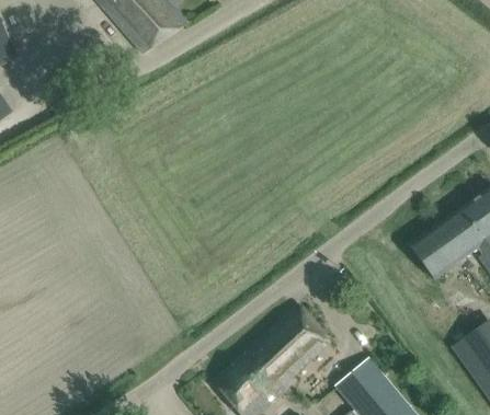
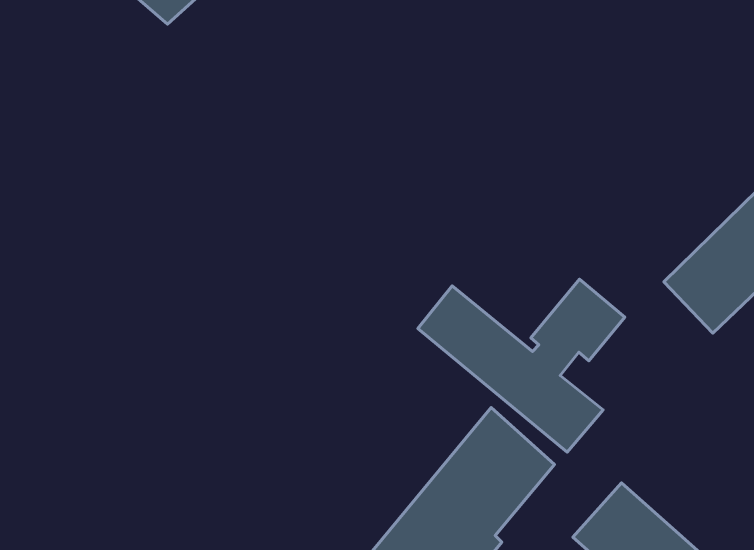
building: none -> [418,279,625,452]

